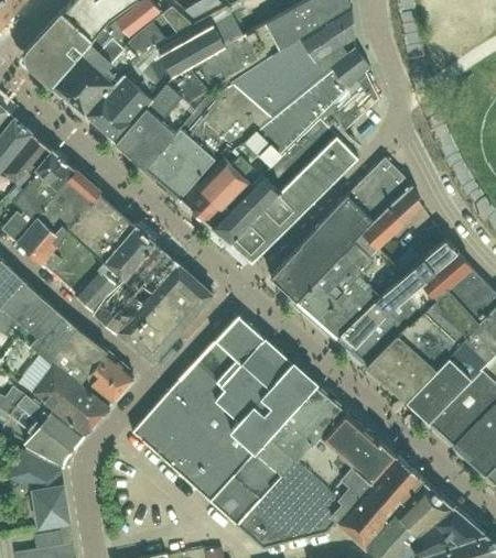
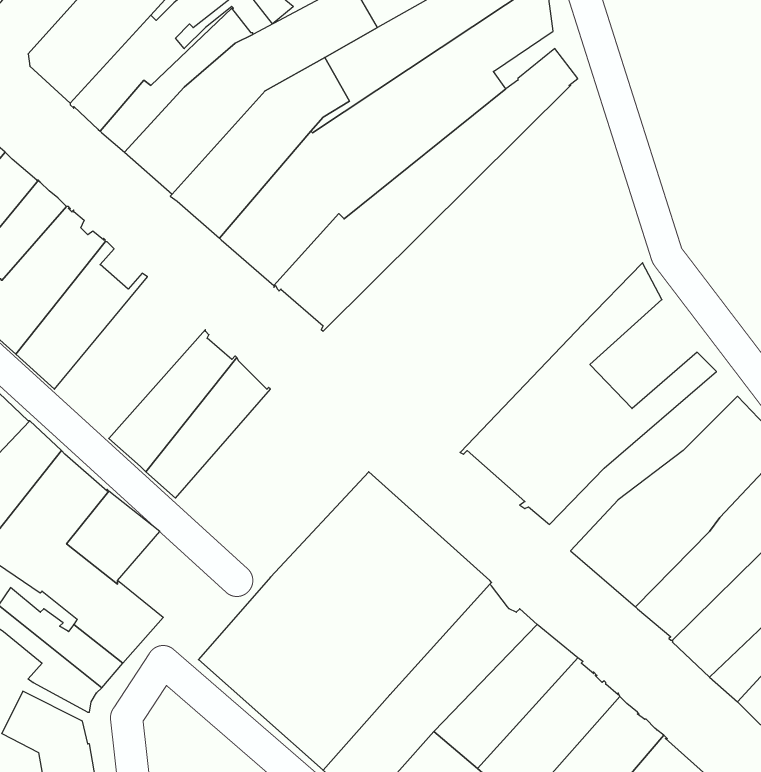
building: [209,73,378,262] -> none
building: [269,158,410,303] -> none
building: [41,193,136,294] -> none
building: [352,252,470,364] -> none
building: [117,263,213,362] -> none
building: [80,352,133,406] -> none

